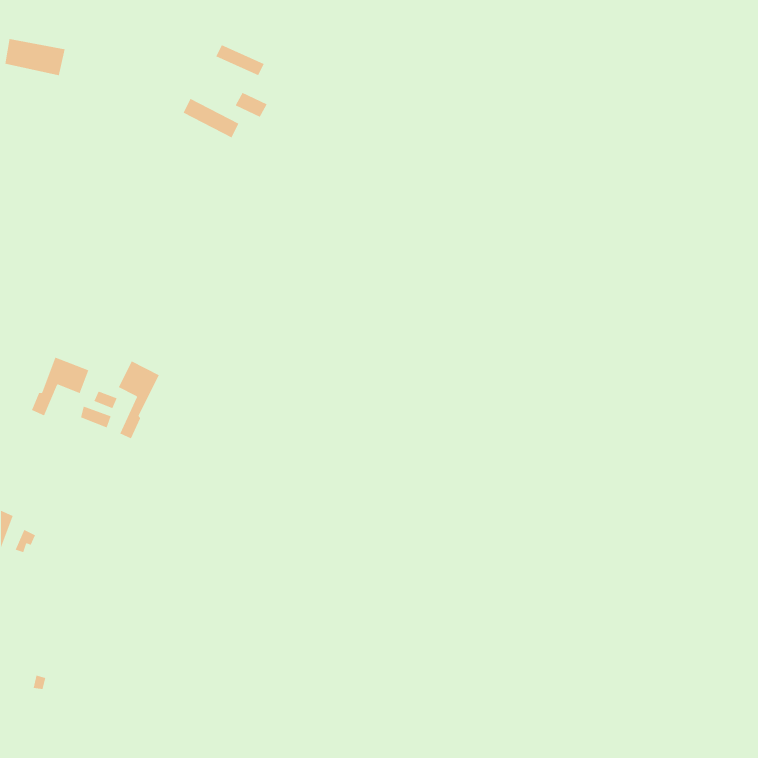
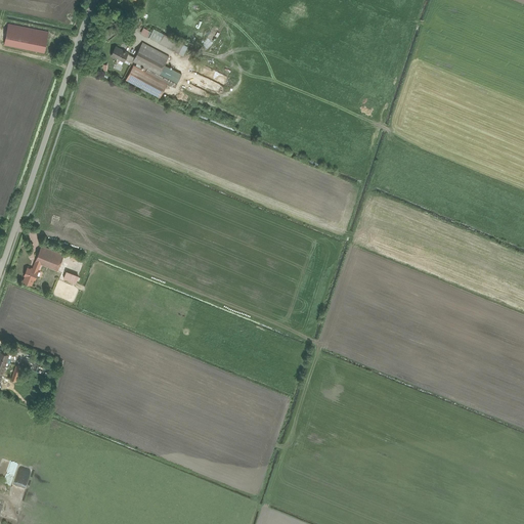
building: none -> [108,44,168,74]
building: [118,360,160,439] -> none

